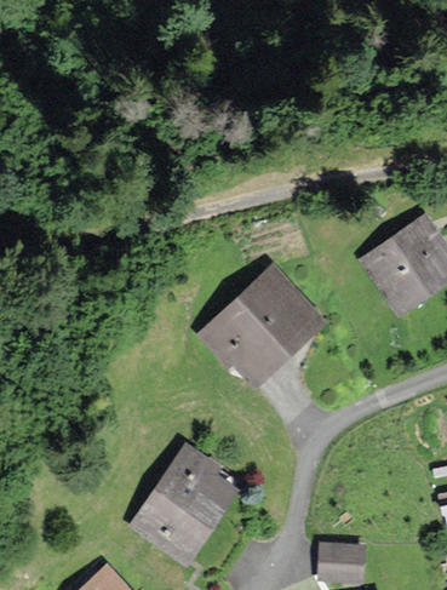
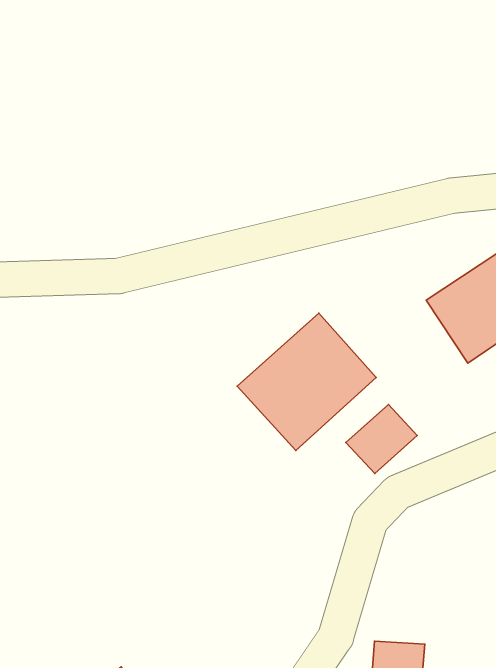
building: none -> [346,405,417,473]
building: [134,448,235,561] -> none

